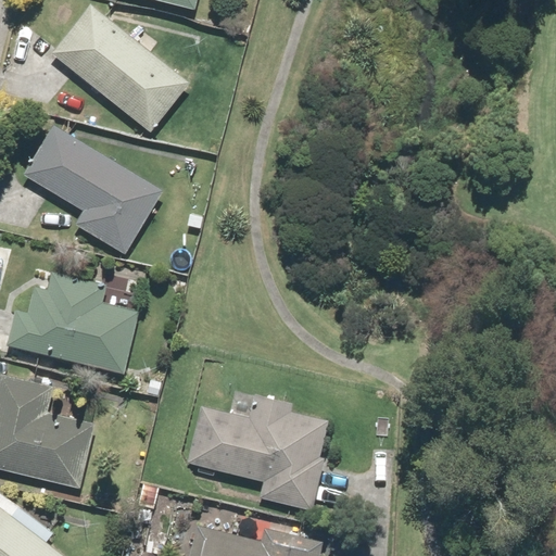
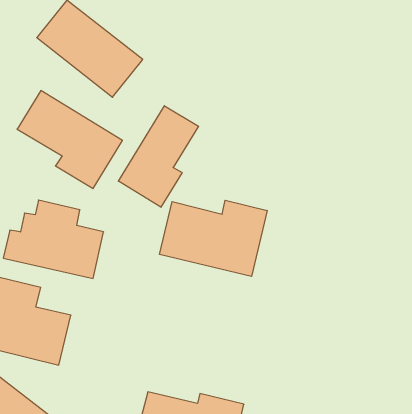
building: none -> [118,106,199,207]
building: none -> [160,200,267,276]
building: [186,394,329,511] -> none

